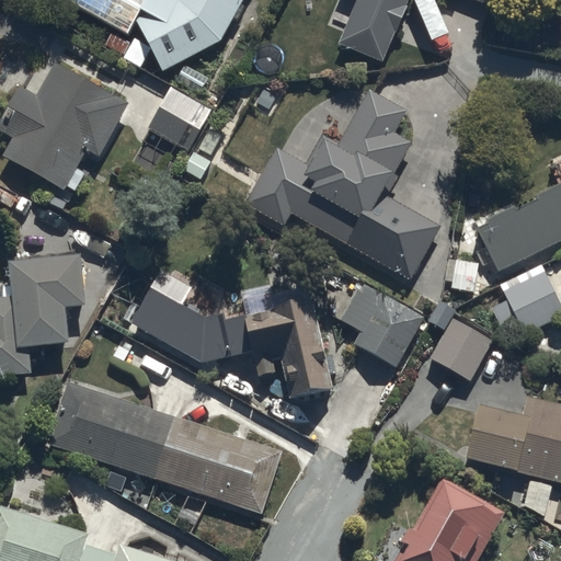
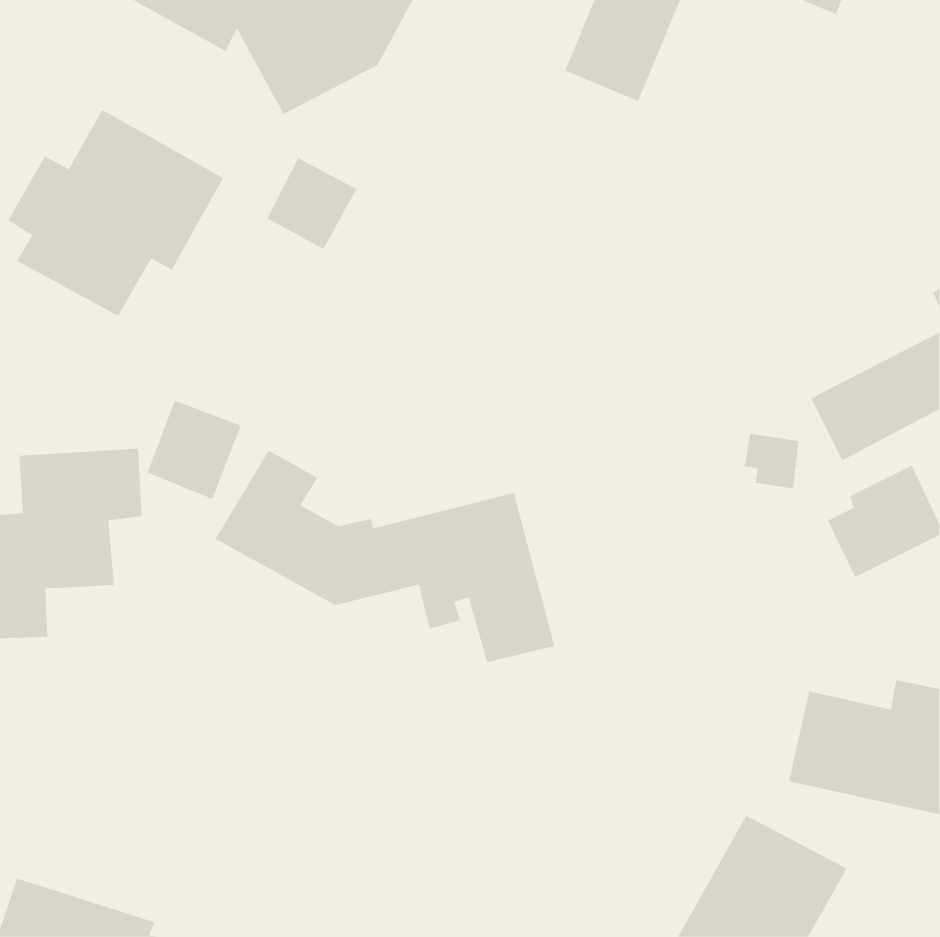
building: [242,83,438,275] -> none
building: none -> [147,400,242,500]
building: [342,289,421,369] -> none
building: [426,313,490,376] -> none
building: [54,389,273,511] -> none

